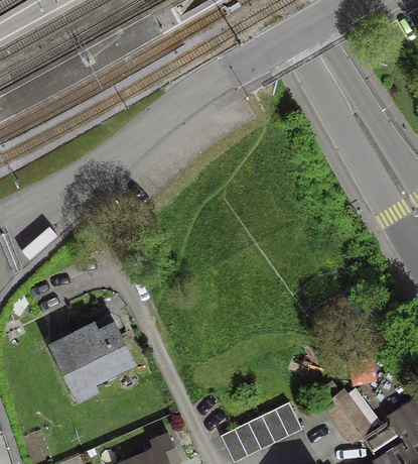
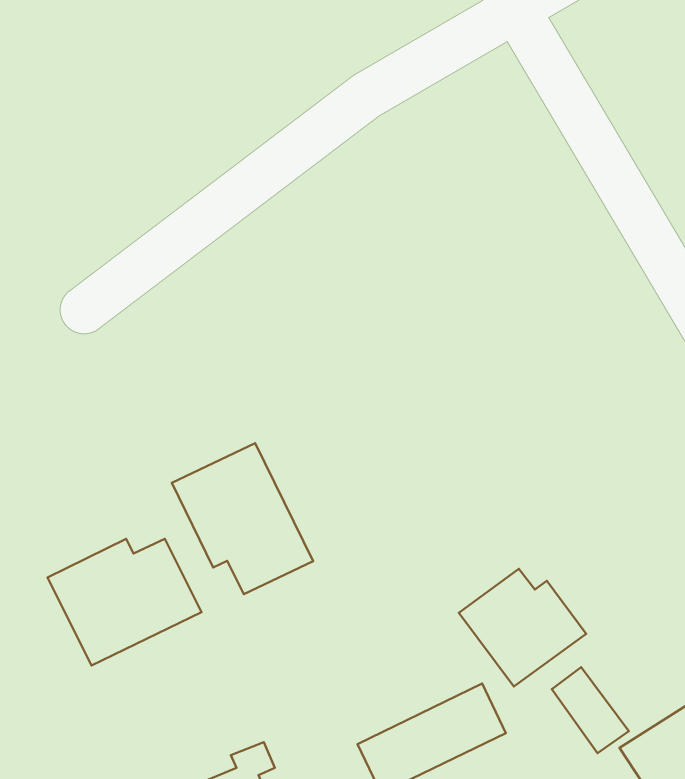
building: none -> [172,443,313,594]
building: none -> [459,569,586,687]

